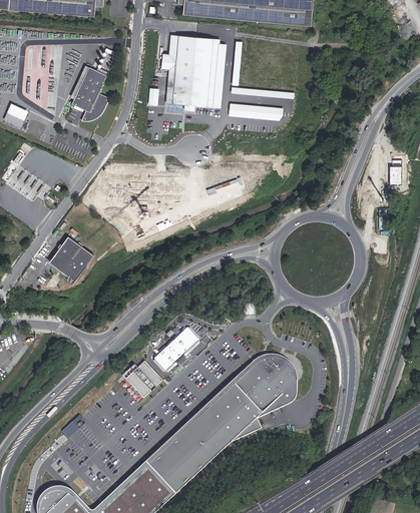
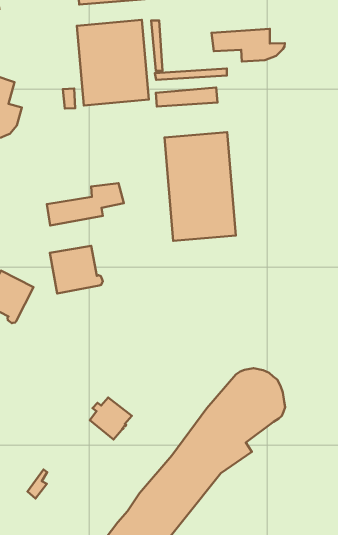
building: none -> [212,29,285,61]
building: none -> [164,132,236,241]
building: none -> [50,246,103,293]
building: [152,327,197,371] -> none

